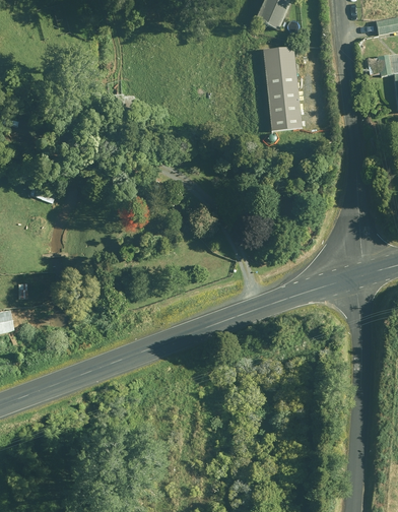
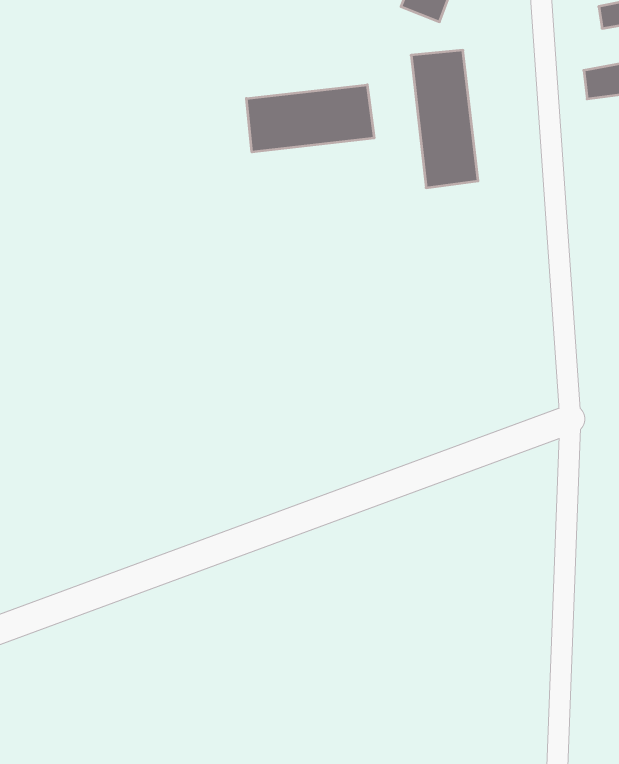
building: none -> [246,85,374,152]

